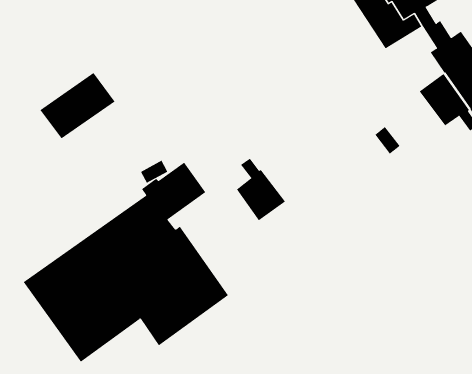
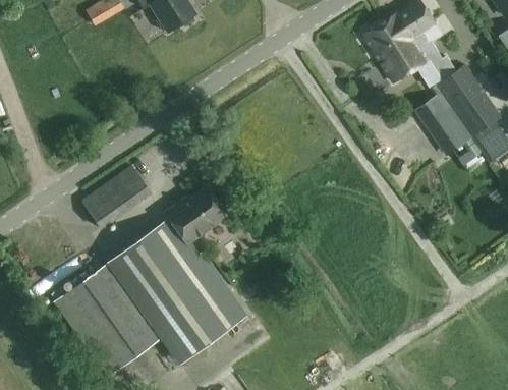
building: [40,72,116,139] -> [81,165,153,228]
building: [236,158,286,221] -> none

